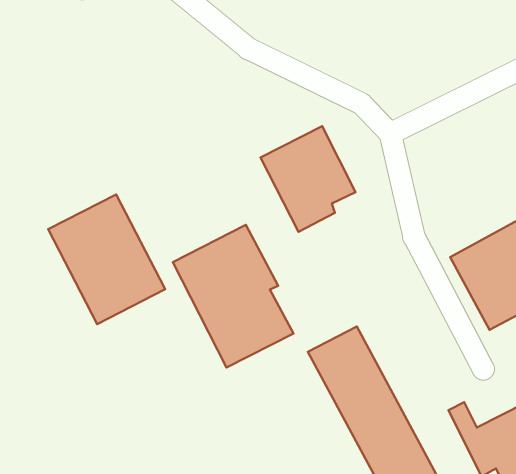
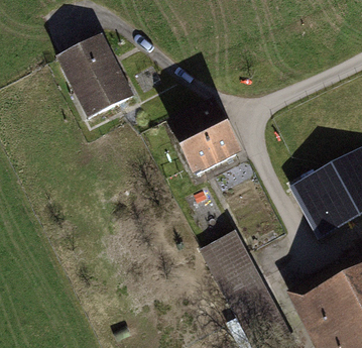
building: [48,195,165,324] -> [58,34,133,117]
building: [173,225,294,368] -> none

